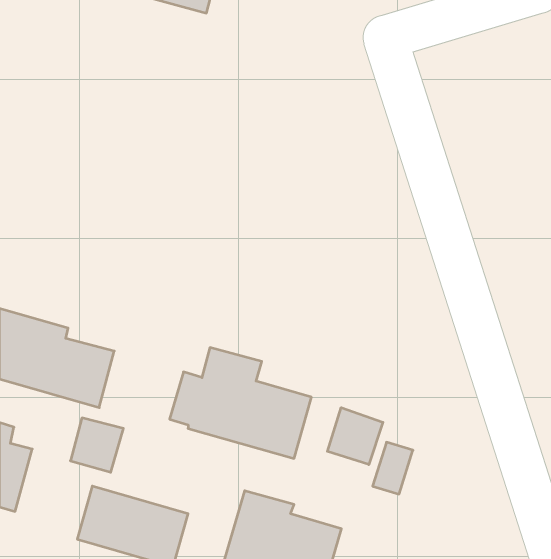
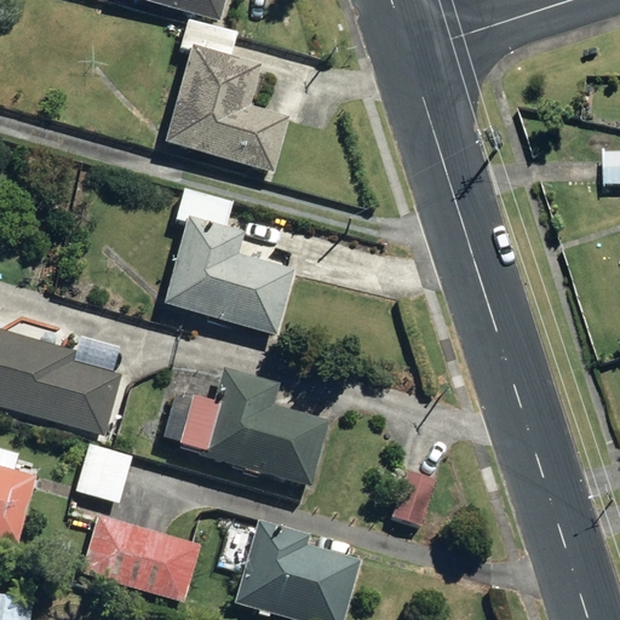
building: none -> [163,45,288,171]
building: none -> [163,217,294,333]
building: [327,408,383,465] -> none

